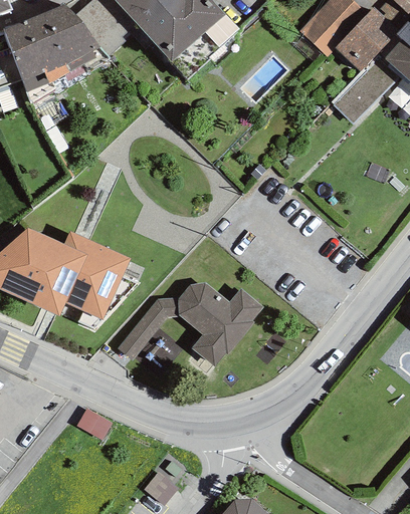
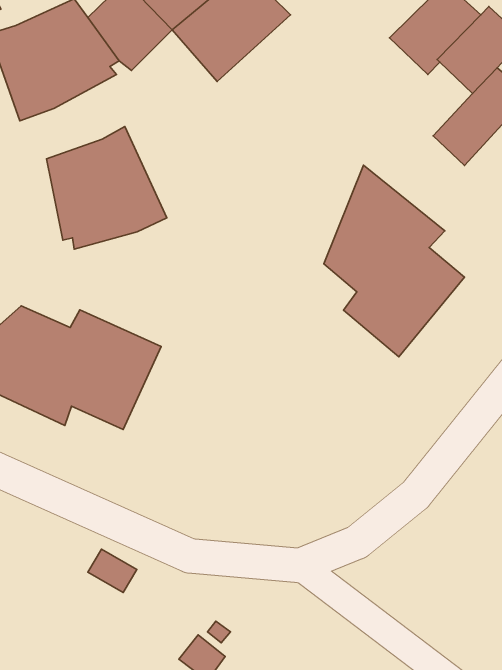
building: none -> [47,126,167,249]
building: none -> [324,165,464,357]
building: [118,282,262,367] -> none

